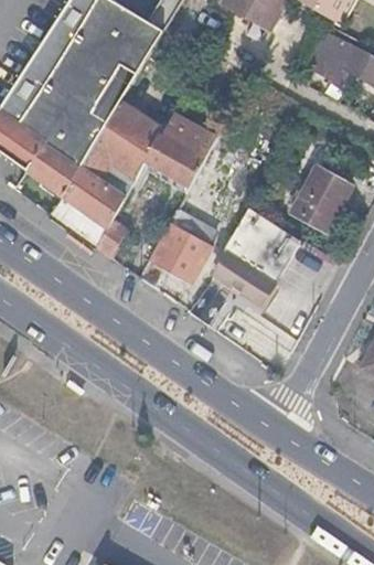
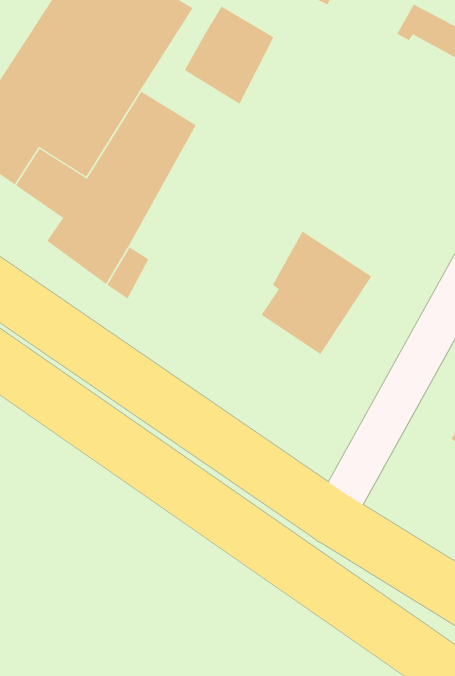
building: [147,108,216,184] -> [184,6,274,104]
building: [288,168,353,234] -> none
building: [150,207,220,284] -> none

